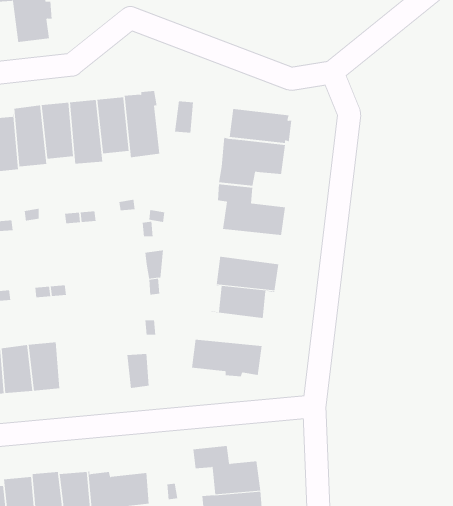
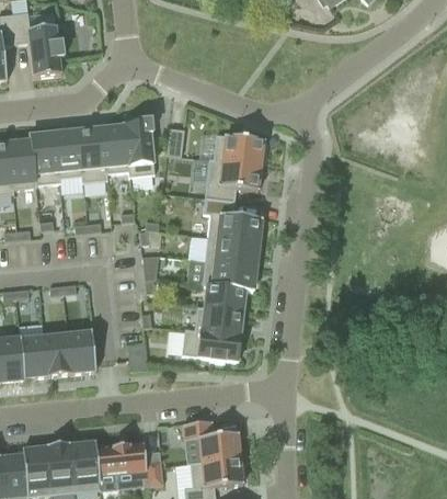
building: none -> [205,236,257,265]
building: none -> [184,306,242,334]
building: none -> [67,329,95,371]

